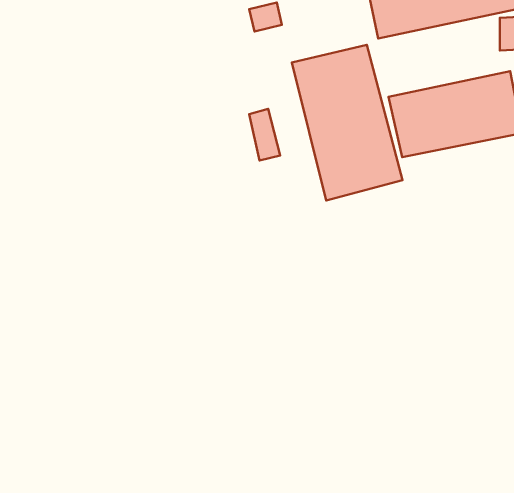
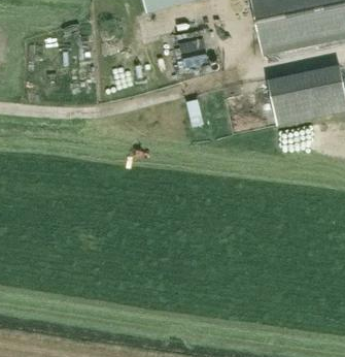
building: [292,45,402,200] -> none

